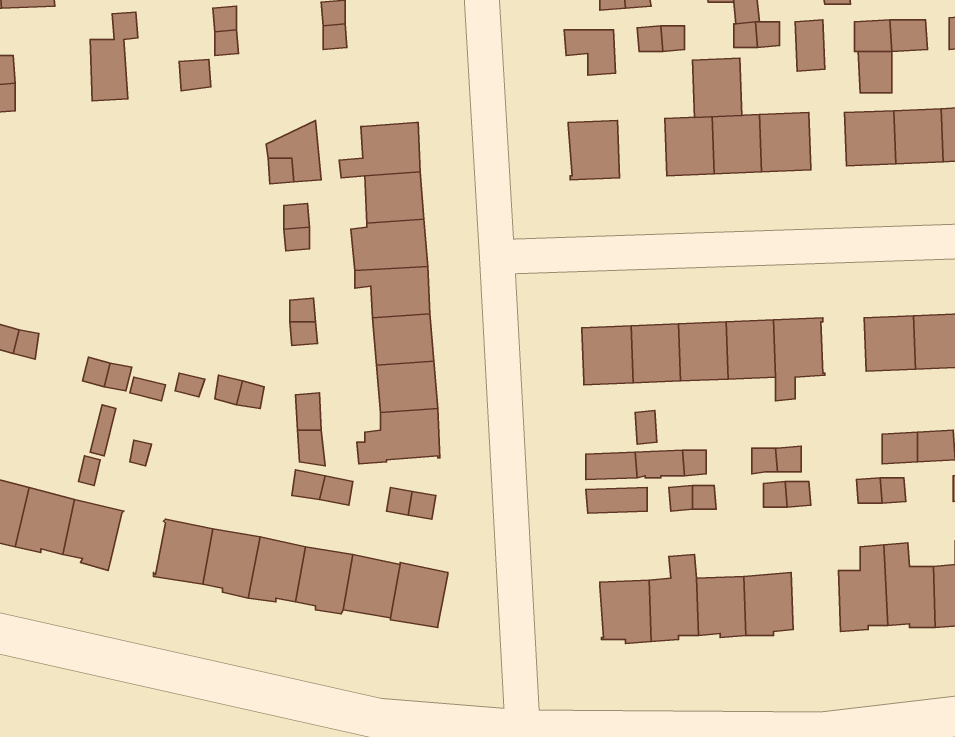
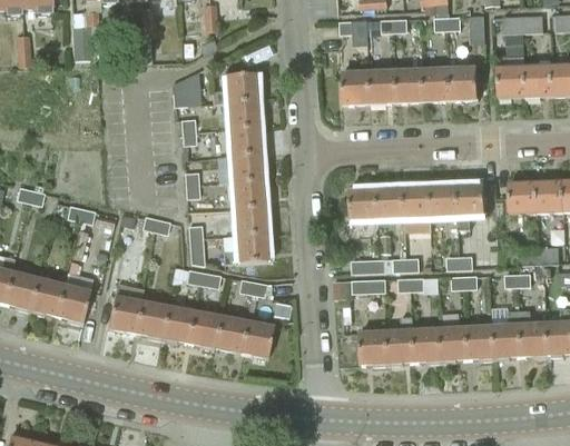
building: [692,58,742,117] -> [370,70,397,103]
building: none -> [468,325,495,360]

